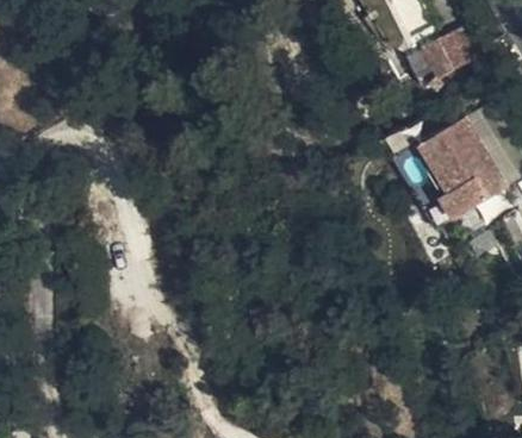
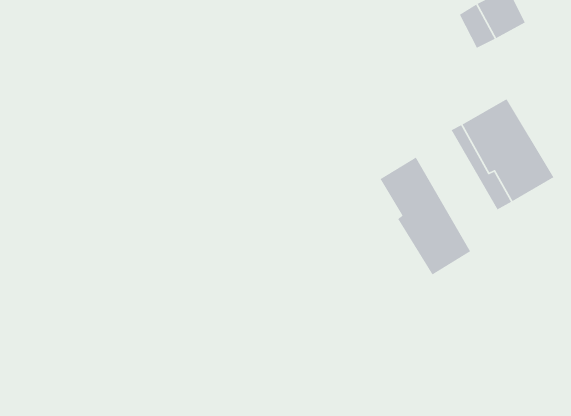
building: none -> [379,156,471,276]

